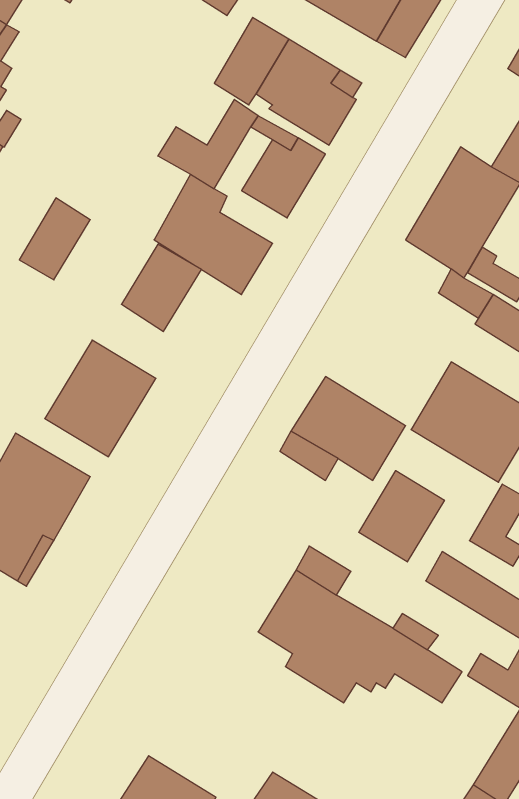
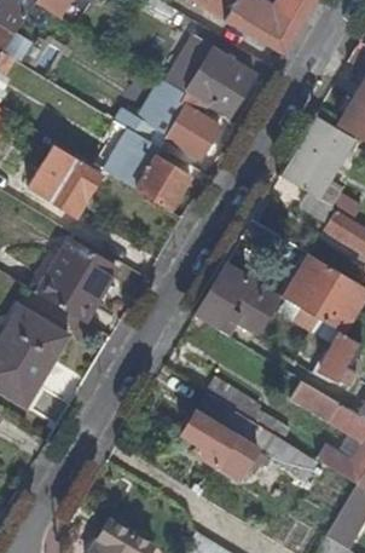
building: [121,244,202,332] -> [47,161,100,219]
building: [359,471,444,562] -> none

